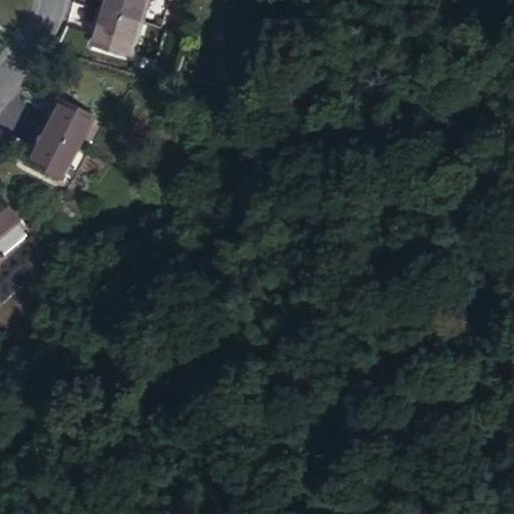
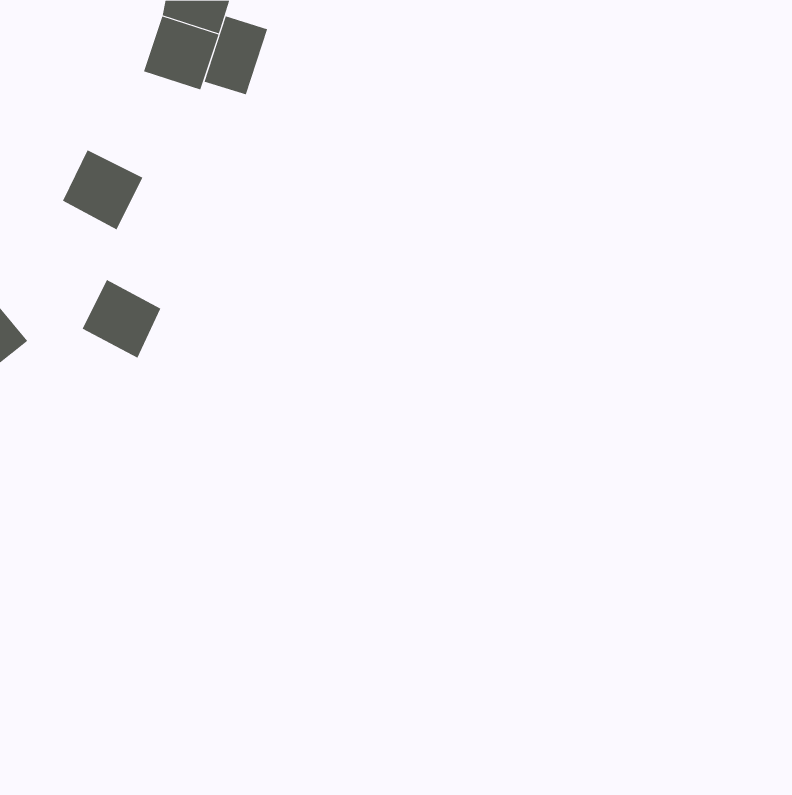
building: none -> [204,16,268,95]
building: [24,130,75,181] -> [82,279,161,358]

